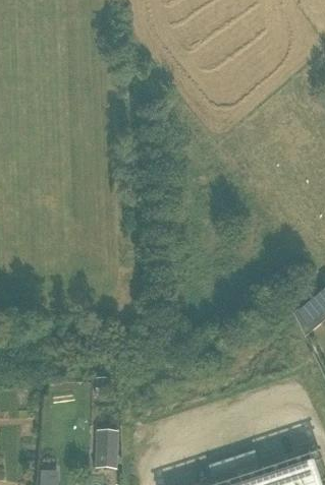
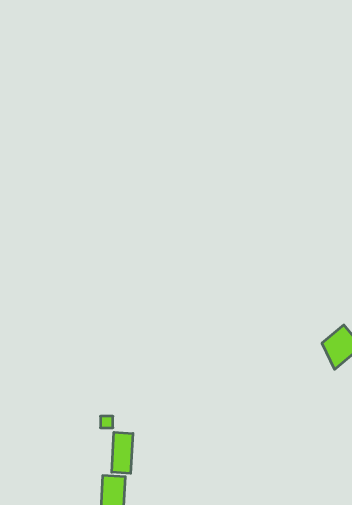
building: none -> [112,432,133,473]

